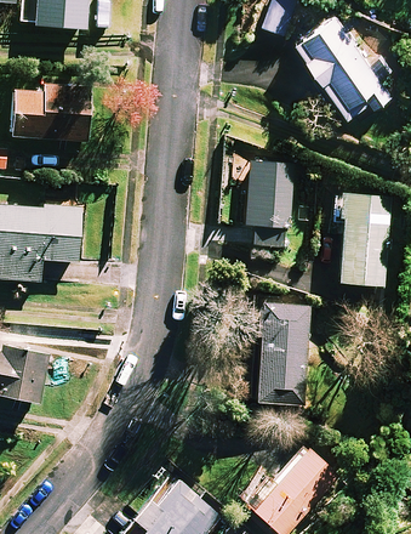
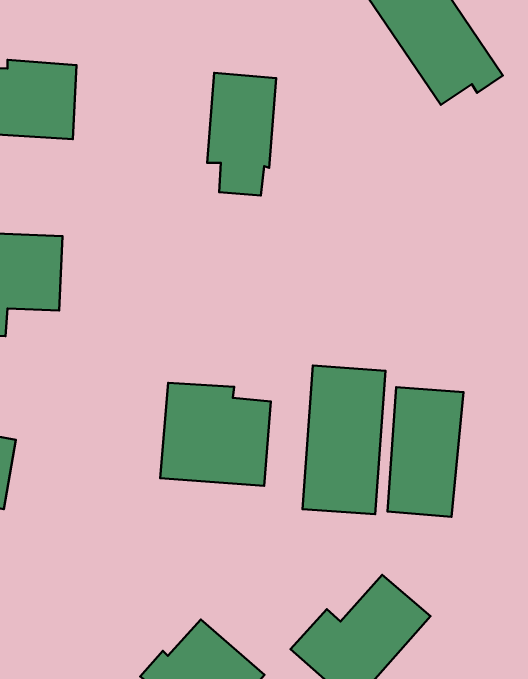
building: [245,161,293,248] -> [207,73,276,196]
building: [337,194,390,285] -> [388,387,464,517]
building: none -> [160,383,271,486]

